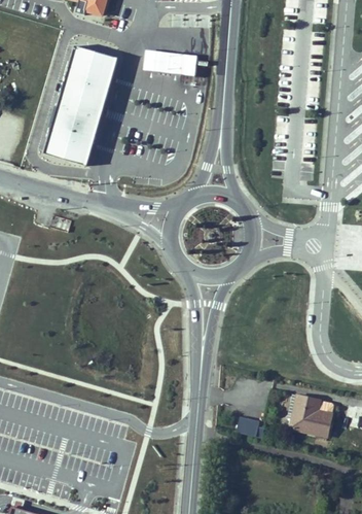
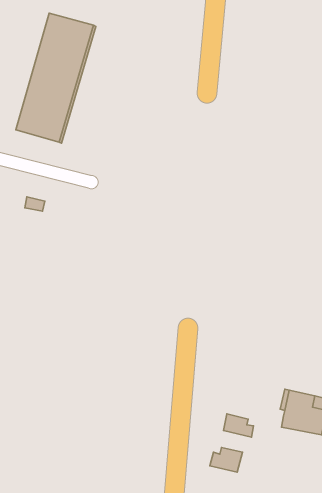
building: [145,49,197,75] -> none
building: none -> [210,448,243,472]

